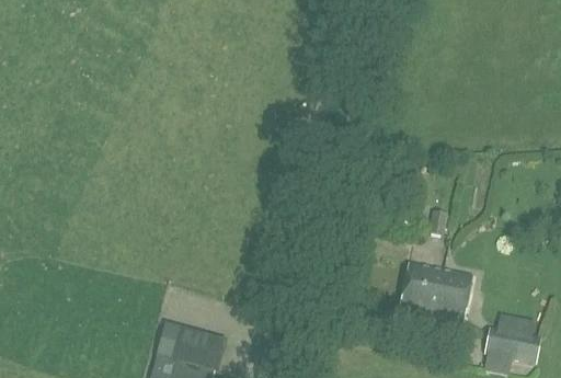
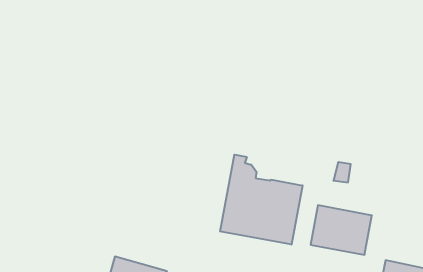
building: none -> [220,155,303,245]

